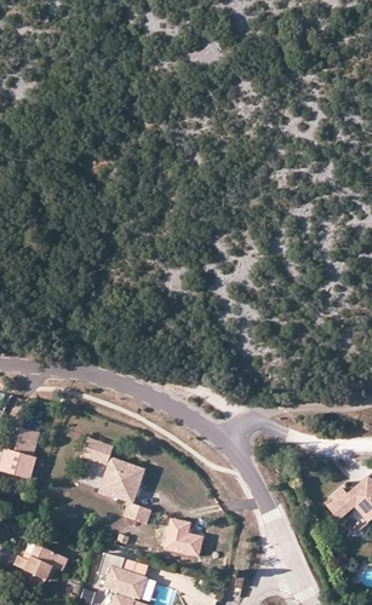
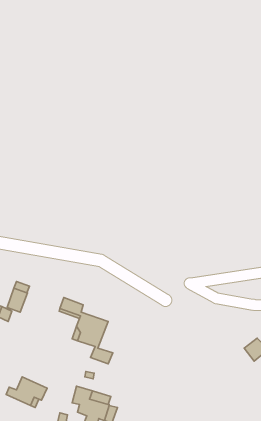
building: [160,519,201,559] -> none

